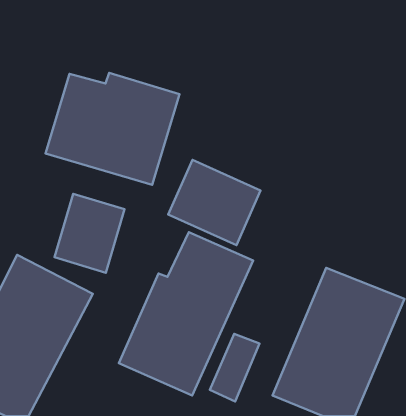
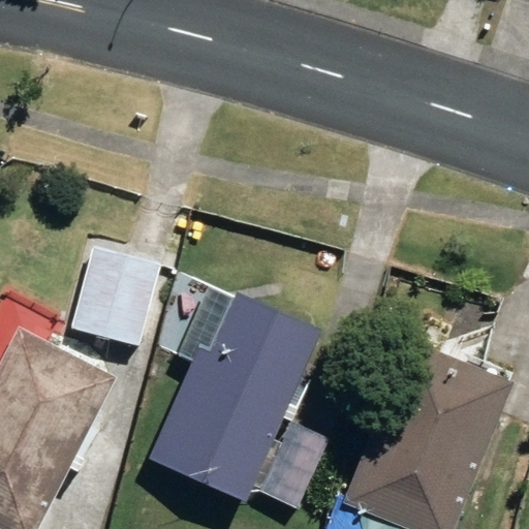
building: [46,73,179,185] -> none
building: [168,160,261,245] -> none

